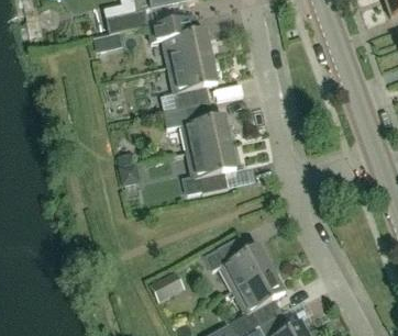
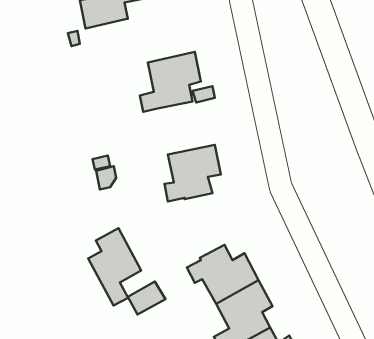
building: [150,15,213,65] -> none
building: [165,101,232,150] -> none
building: none -> [88,228,141,305]

